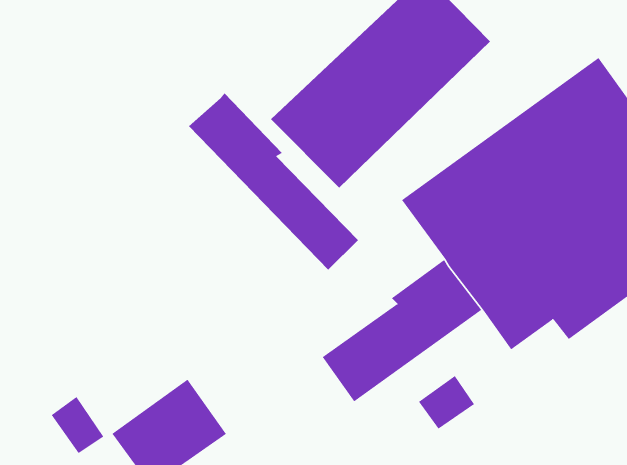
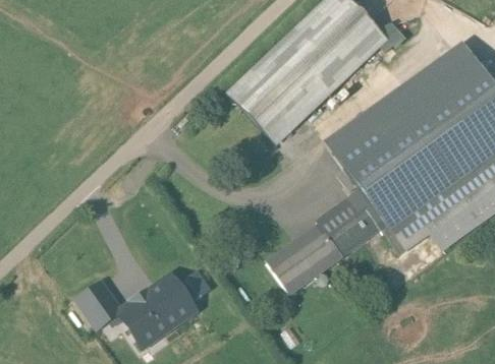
building: [188,93,359,271] -> none
building: [418,375,475,430] -> none

